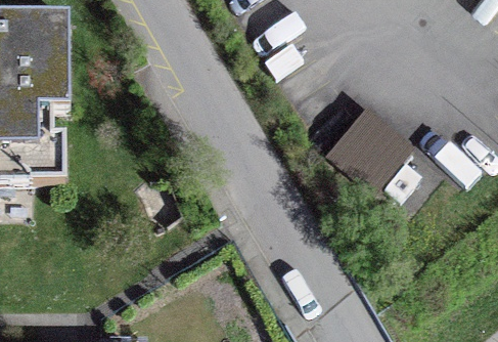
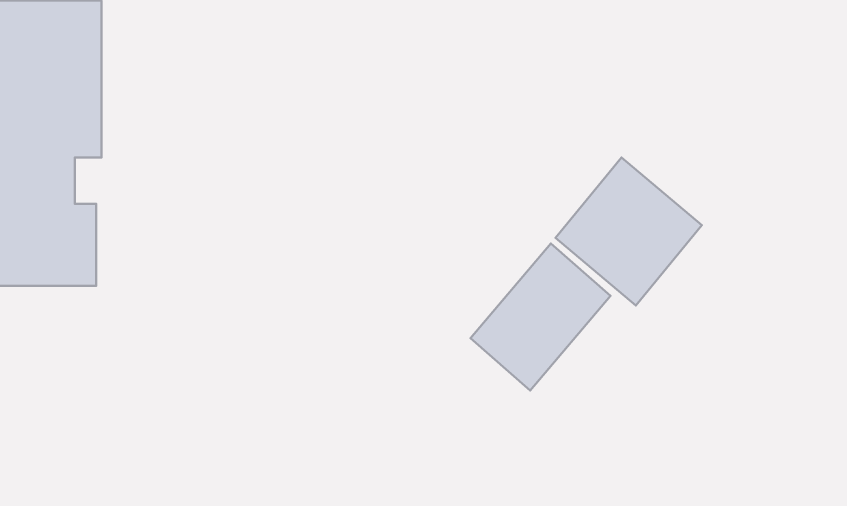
building: none -> [471,243,610,391]

